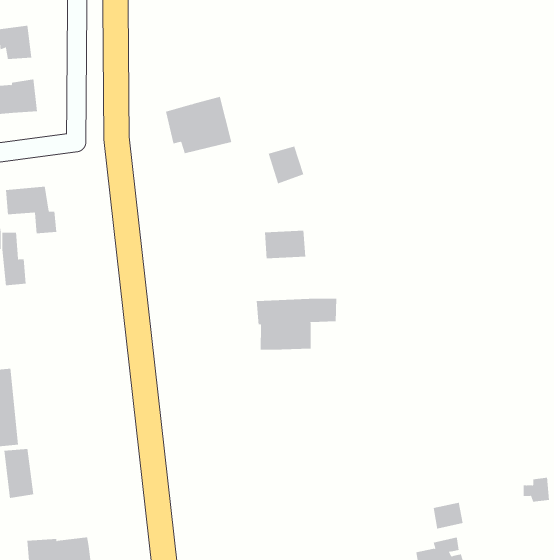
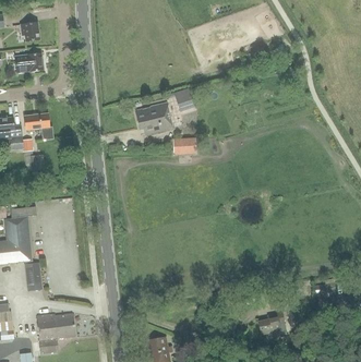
building: [165,96,232,154] -> [134,101,172,134]
building: [256,298,337,350] -> none

